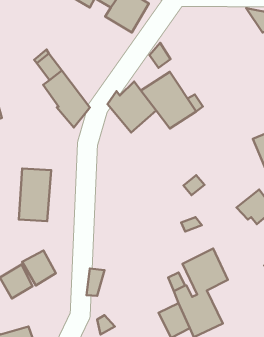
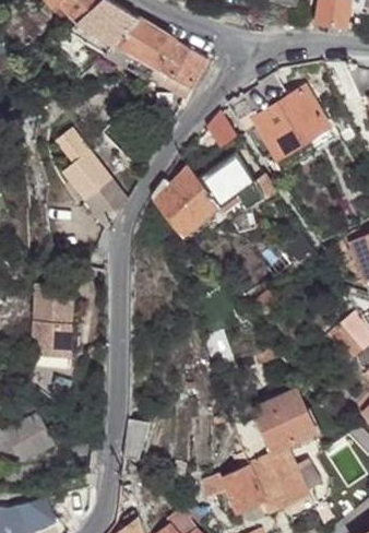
building: none -> [242,81,328,159]
building: [22,251,56,286] -> none

